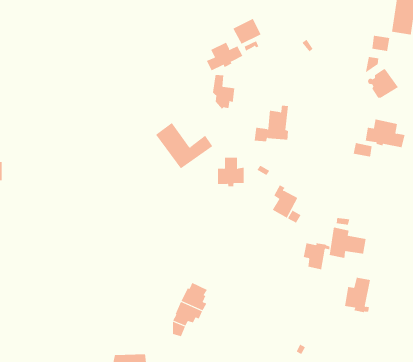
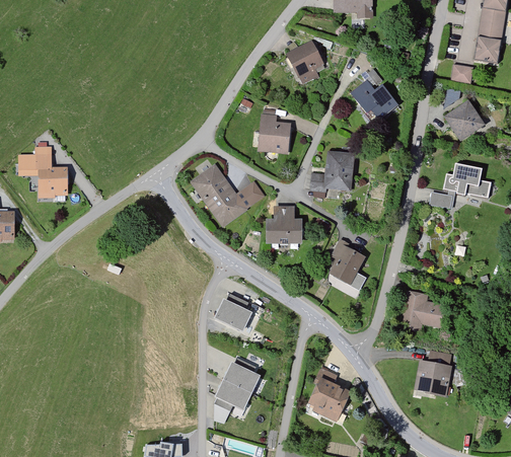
building: [206,42,243,71] -> none
building: none -> [352,80,397,126]
building: none -> [20,147,66,193]
building: none -> [216,294,248,330]
building: [303,242,330,270] -> none
building: none -> [310,369,348,417]

